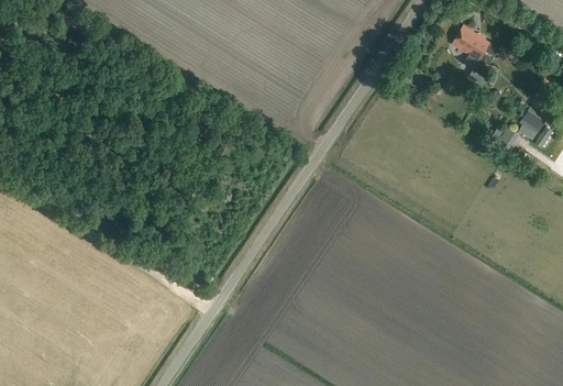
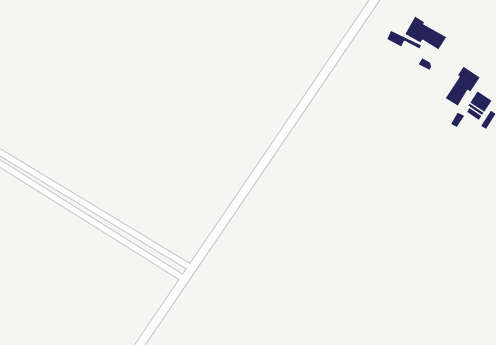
building: none -> [445,66,481,106]

